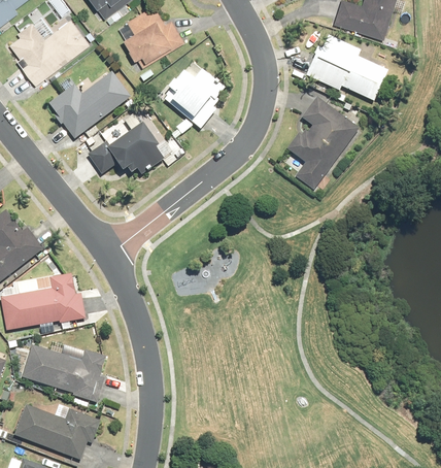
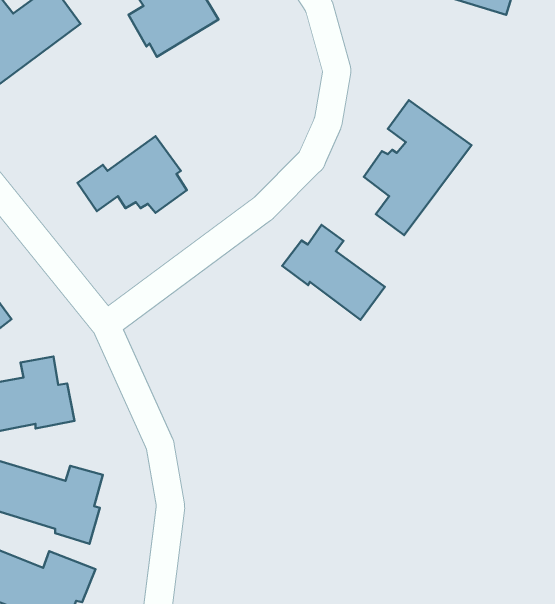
building: [305,36,387,101] -> none
building: [164,63,223,127] -> none
building: [46,71,130,139] -> none
building: none -> [282,225,385,320]

